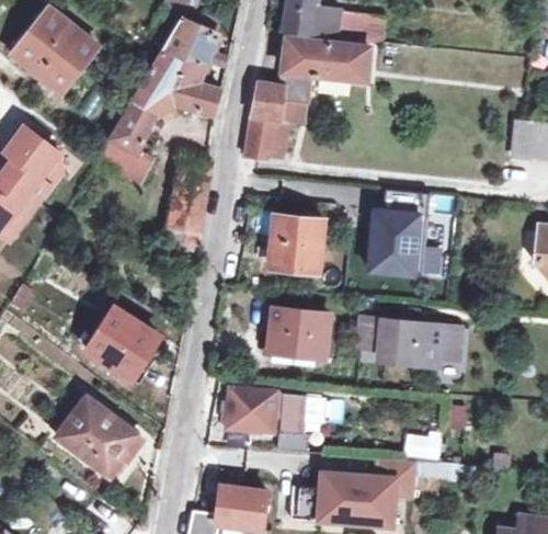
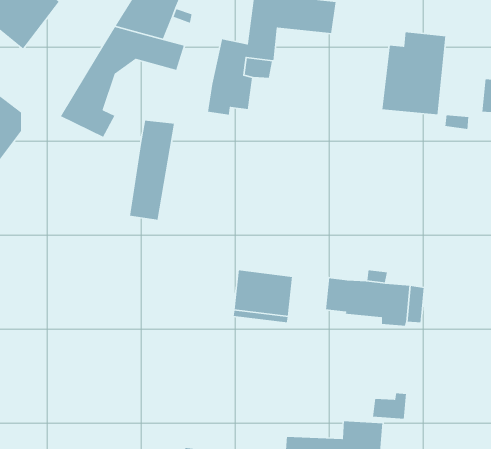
building: [361,190,424,272] -> [381,31,446,115]
building: [269,216,321,270] -> none
building: [87,307,159,378] -> none
building: [224,386,305,451] -> none
building: [58,399,139,477] -> none

